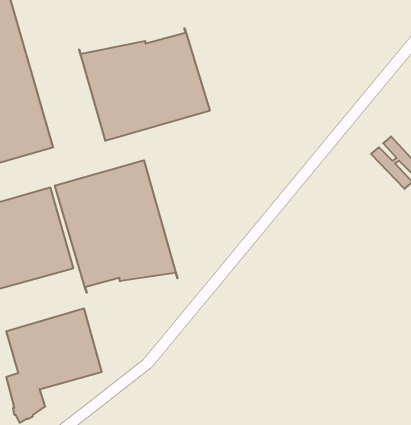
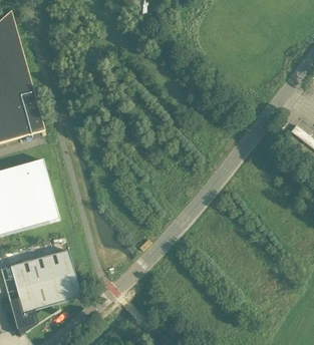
building: [79,28,210,141] -> none
building: [55,160,178,293] -> none

